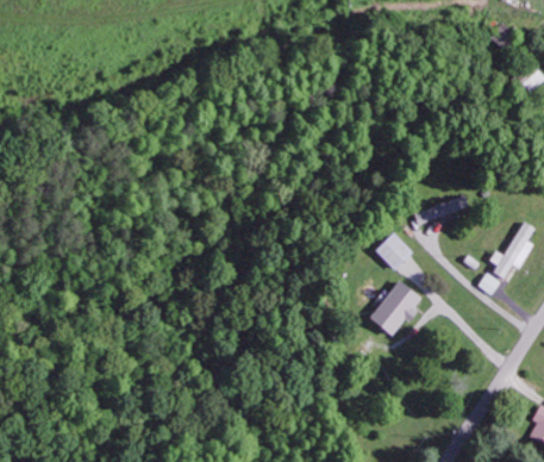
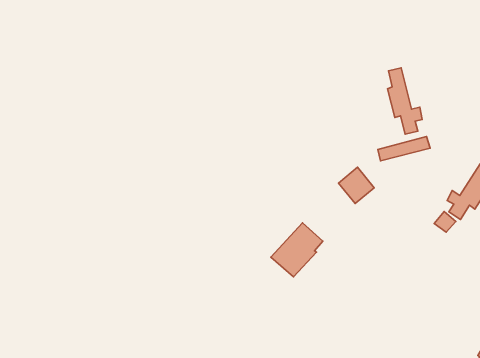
building: none -> [388,68,422,134]
building: [368,280,421,337] -> [271,223,323,277]

